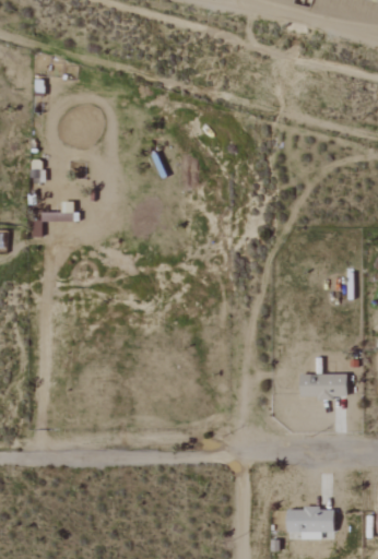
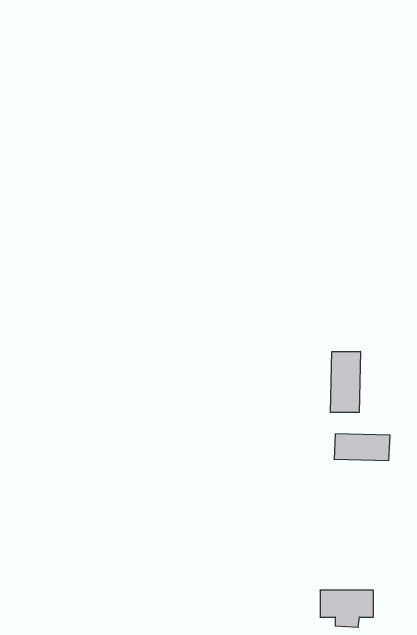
building: none -> [330,351,360,412]

